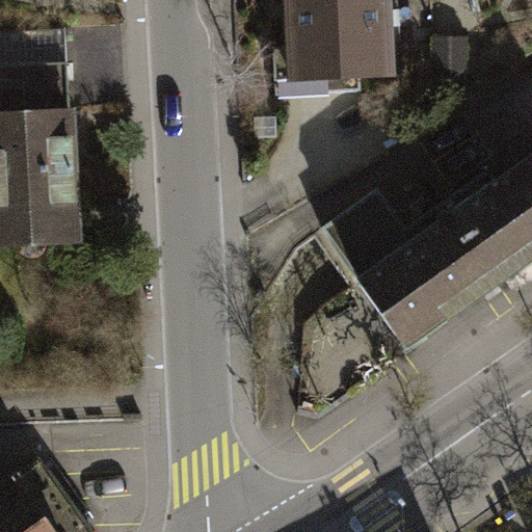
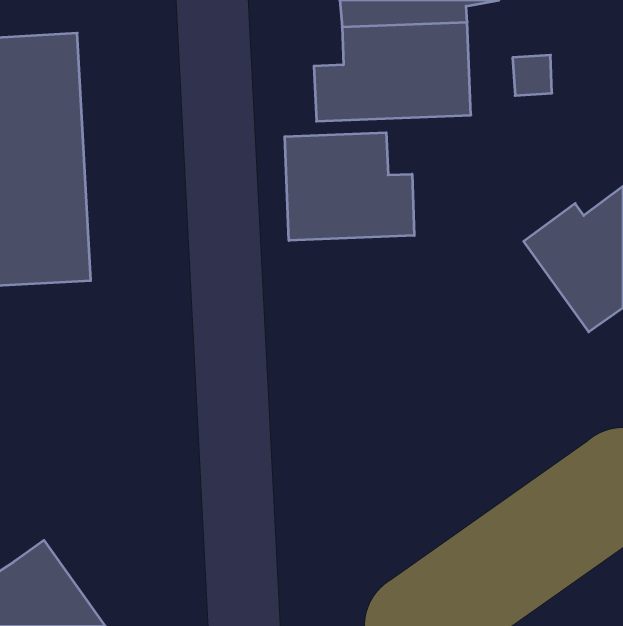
building: none -> [285,133,414,241]
building: [322,190,499,347] -> none

